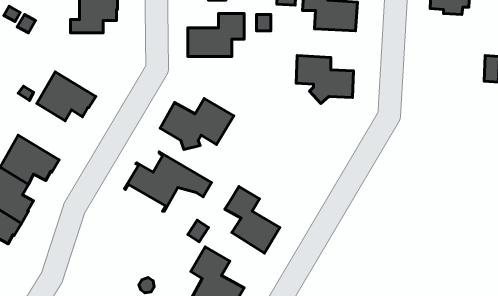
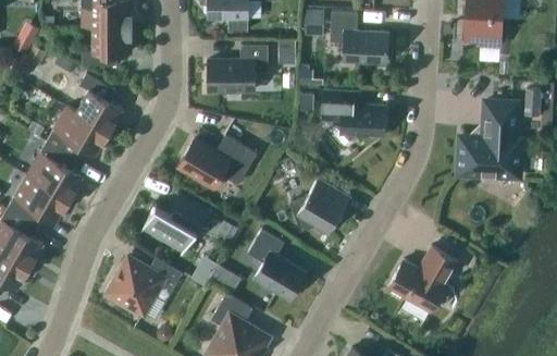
building: none -> [66,73,122,133]
building: none -> [459,101,520,179]
building: none -> [27,140,83,200]
building: none -> [290,179,350,234]
building: none -> [386,246,458,311]
building: none -> [103,256,183,314]

